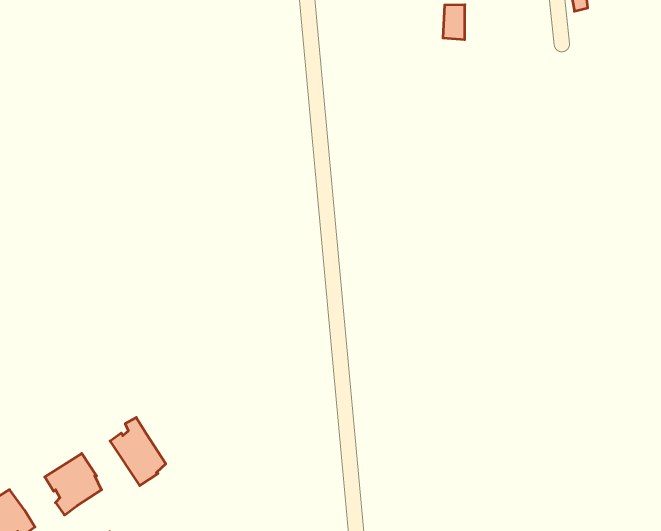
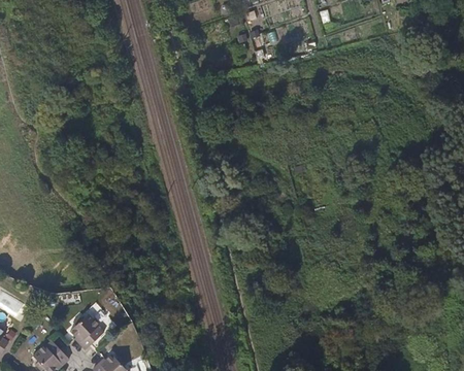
building: [110,417,166,486] -> none

